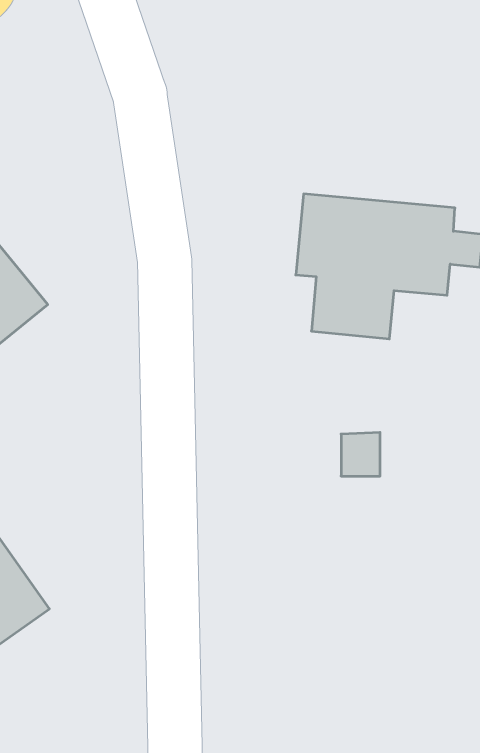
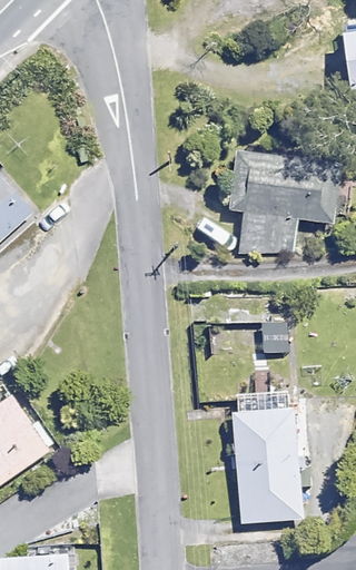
building: none -> [239,419,303,537]

